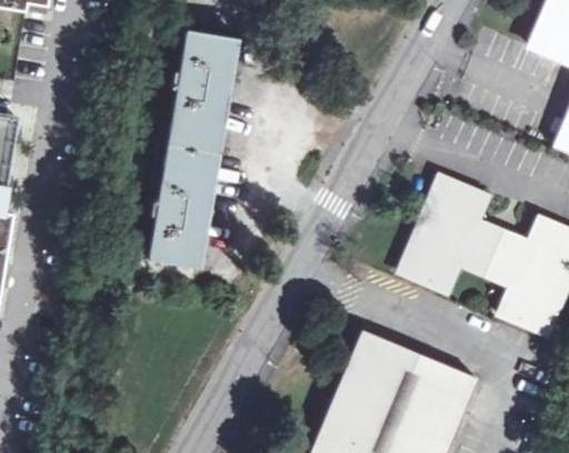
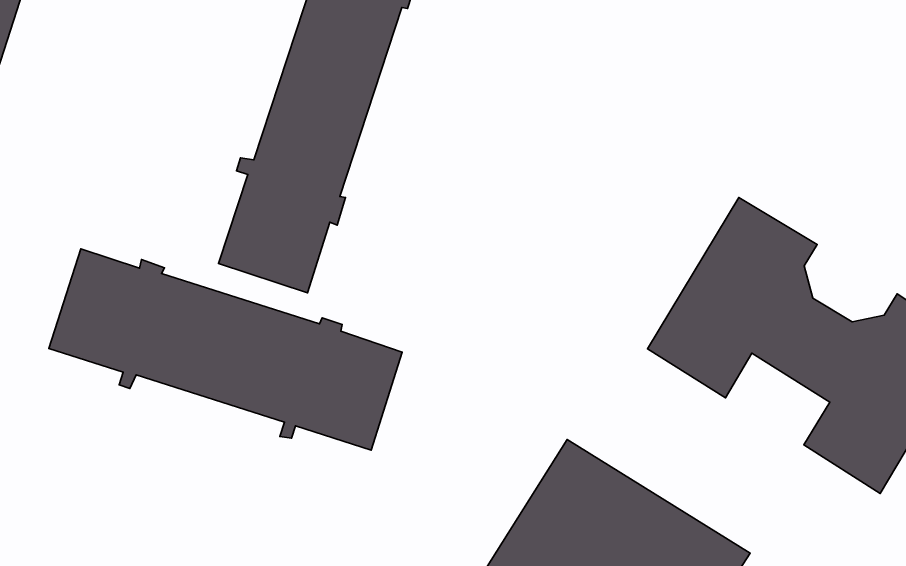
building: none -> [49,249,402,450]

